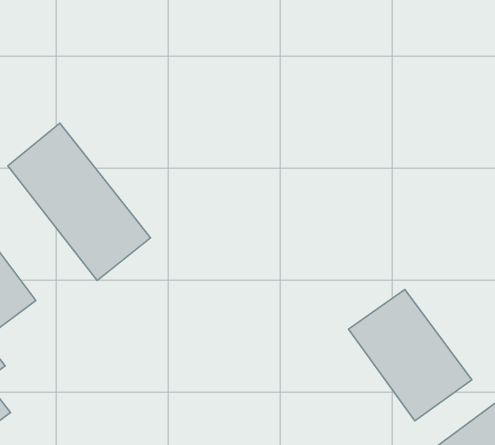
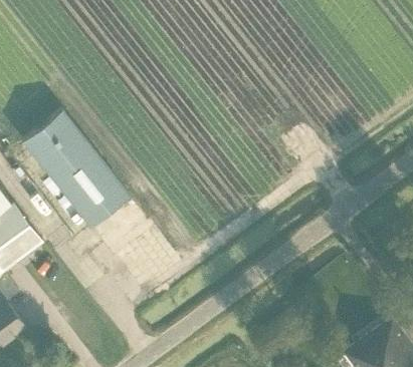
building: [348,289,472,421] -> none

